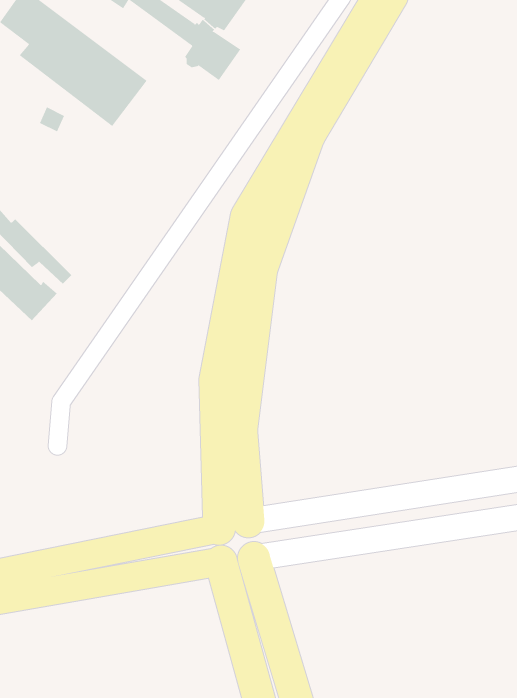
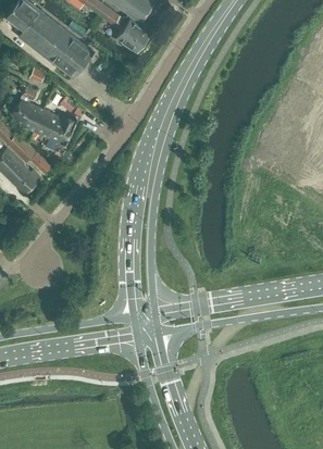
building: none -> [11,86,75,150]

